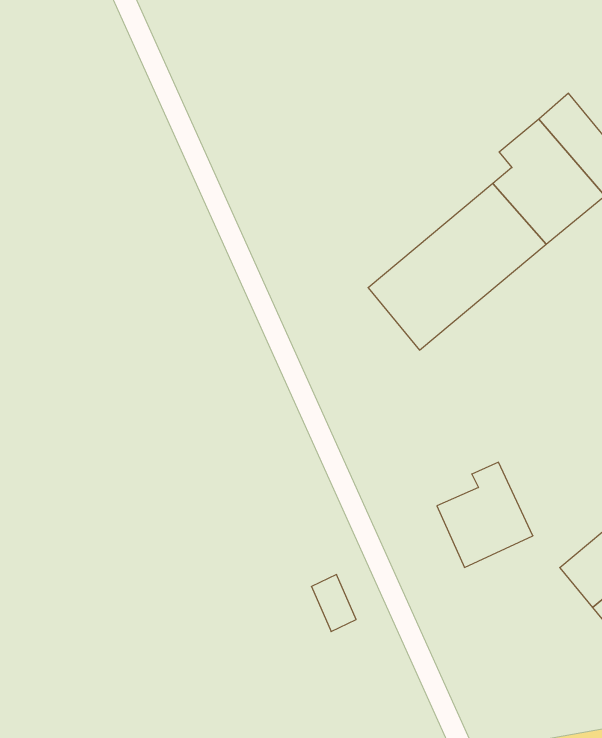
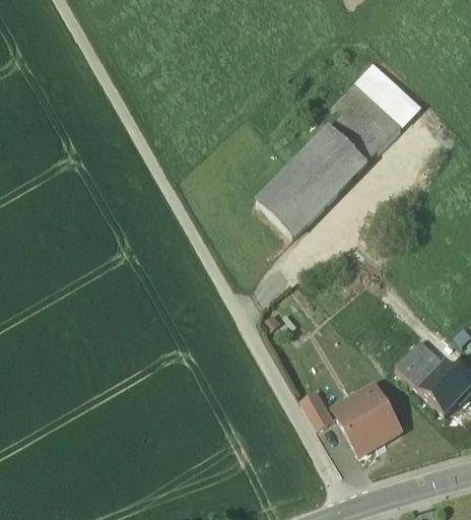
building: [437,462,533,567] -> [337,383,400,452]
building: [311,575,356,632] -> [301,391,332,428]

